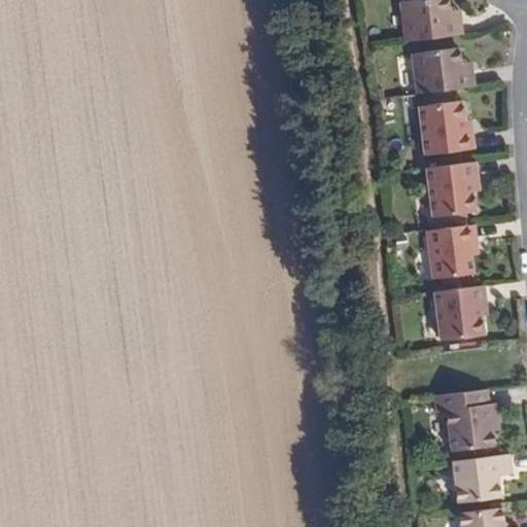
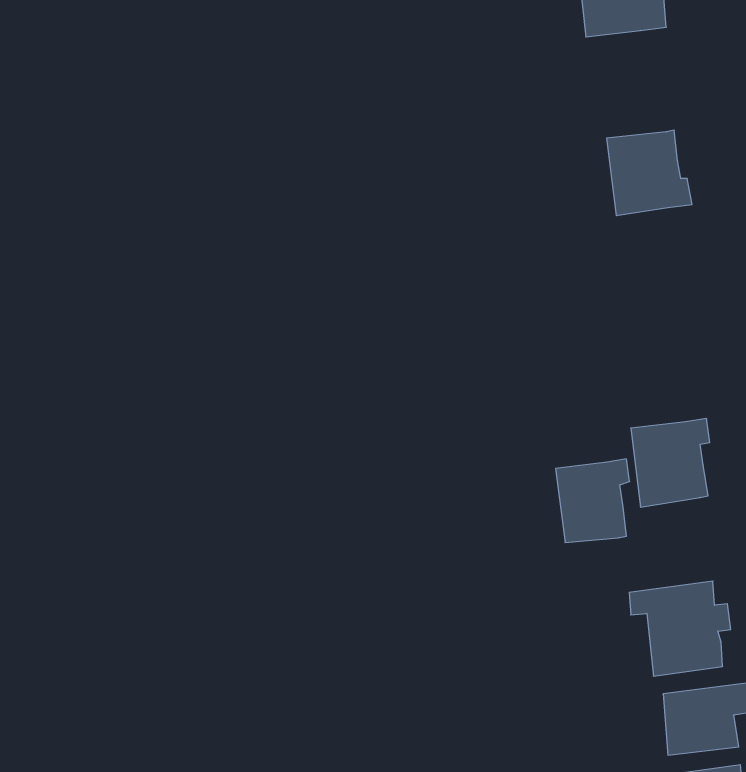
building: [412,47,468,94] -> none
building: [427,162,477,215] -> none
building: [427,224,475,278] -> [556,459,630,543]

